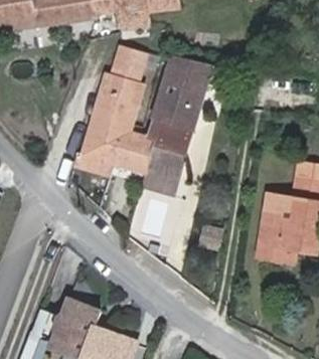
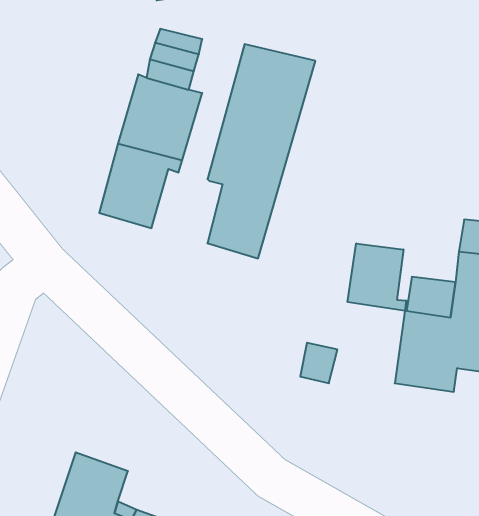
building: [113,130,155,174] -> none
building: none -> [348,243,406,311]

